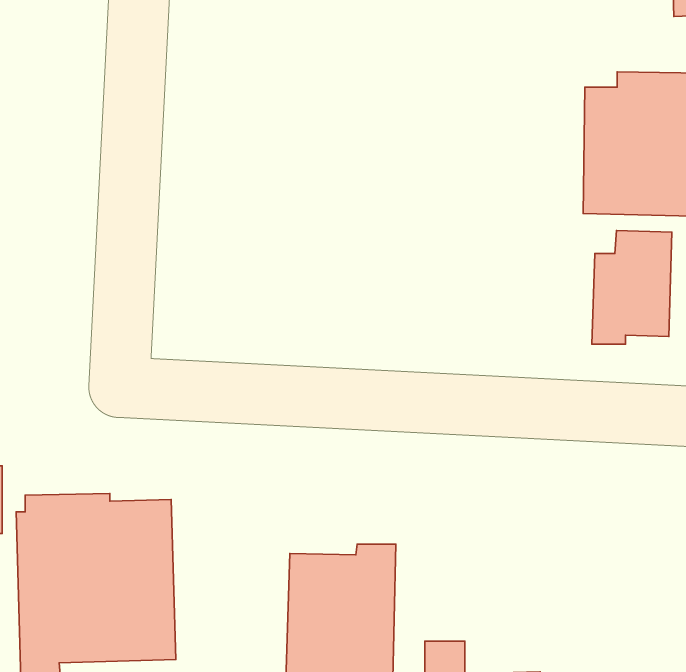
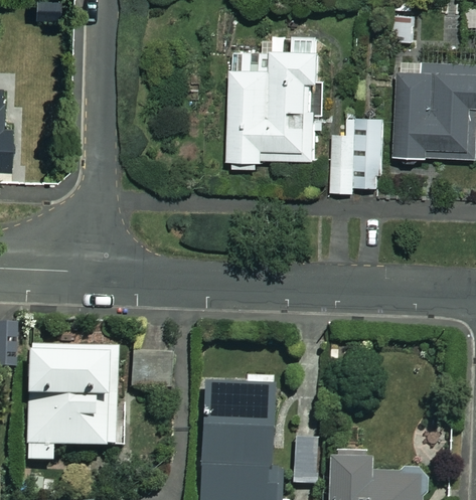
building: none -> [226,36,321,171]
building: [592,230,672,344] -> [331,119,383,193]

